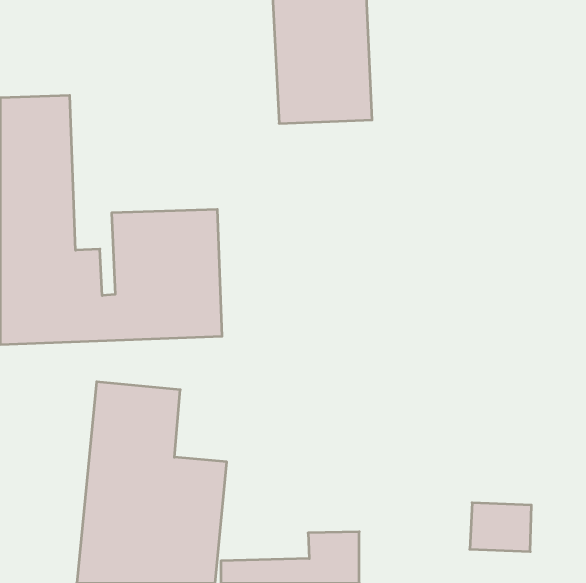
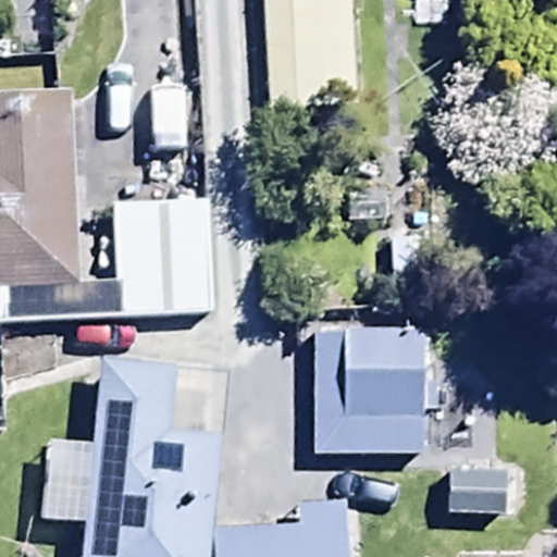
building: none -> [312,327,424,451]

